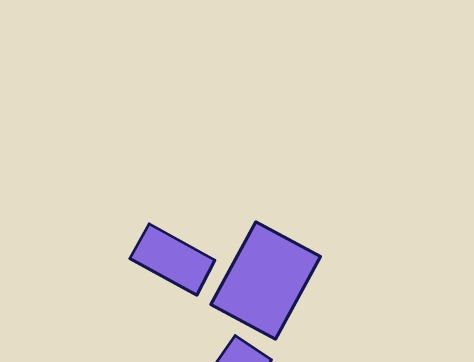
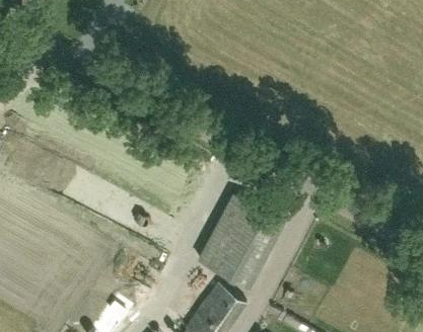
building: [130,224,215,295] -> none

